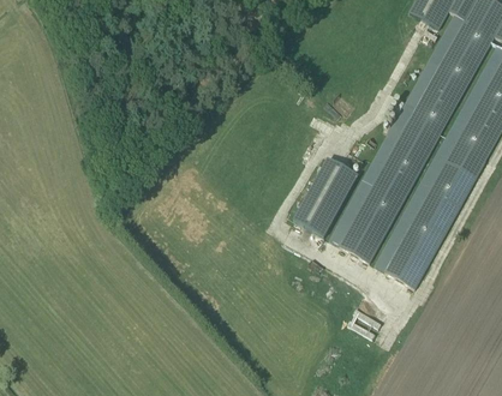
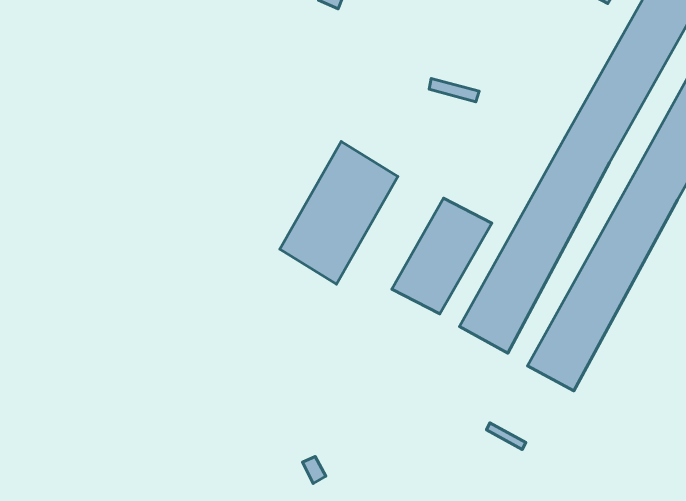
building: none -> [280,141,398,284]

